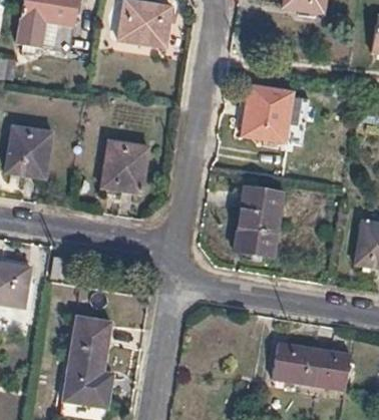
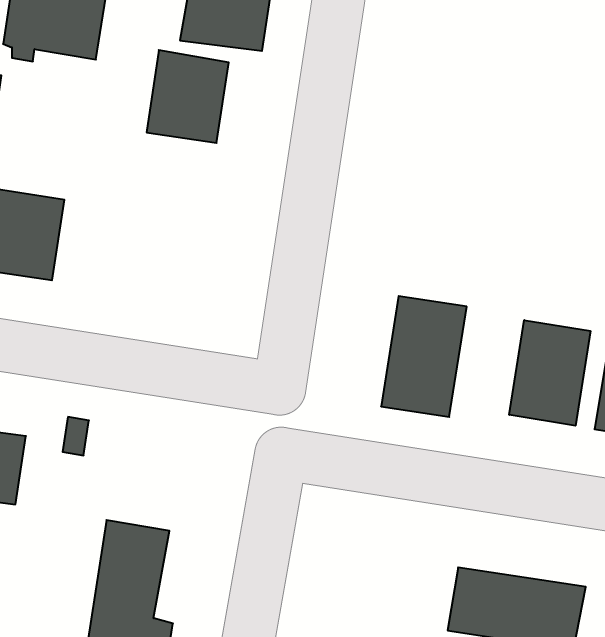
building: [242,84,293,141] -> none
building: [102,139,149,192] -> [147,50,229,143]
building: none -> [509,320,590,426]

